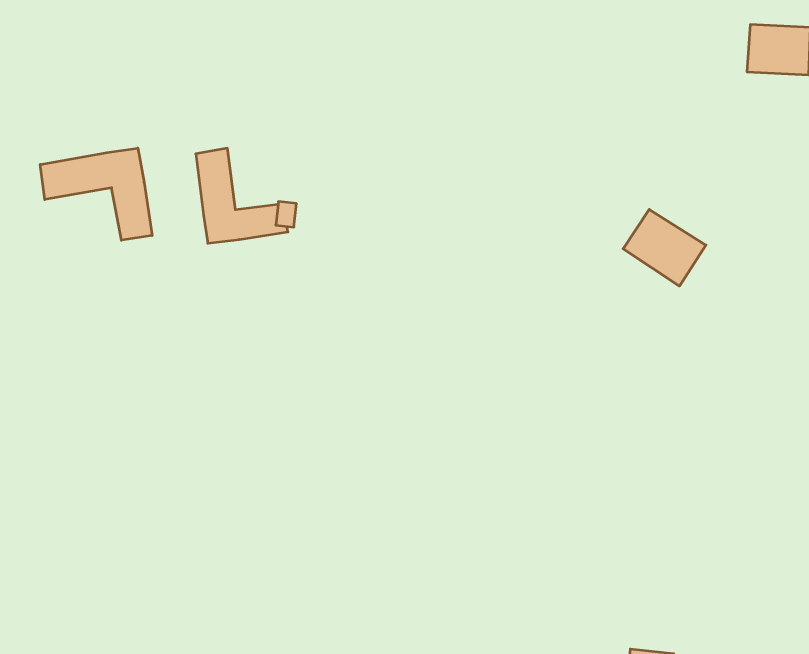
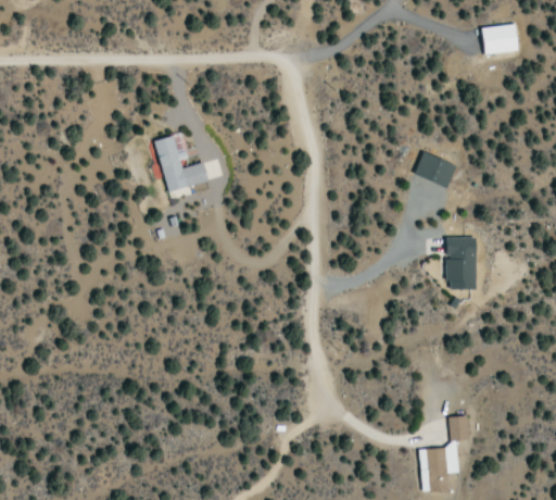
building: [40,148,152,240] -> none
building: none -> [448,235,481,292]

